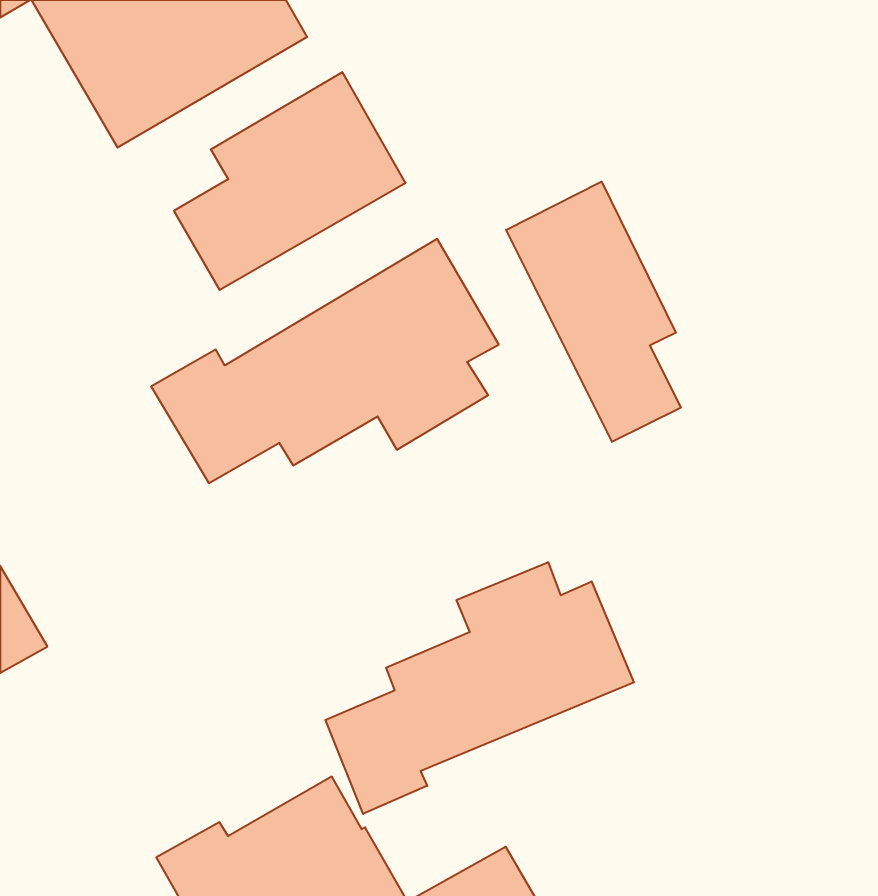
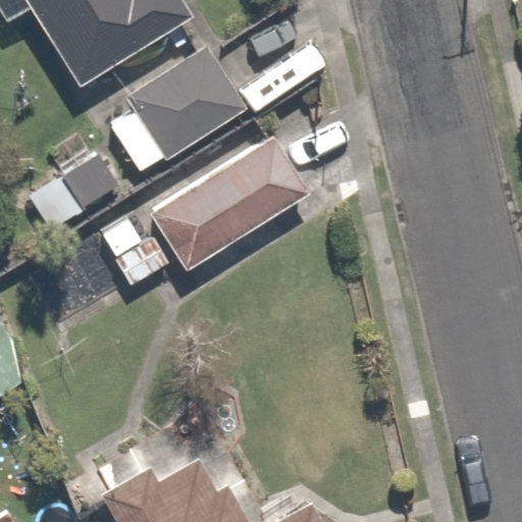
building: [506,182,681,442] -> none
building: [325,562,634,814] -> none

